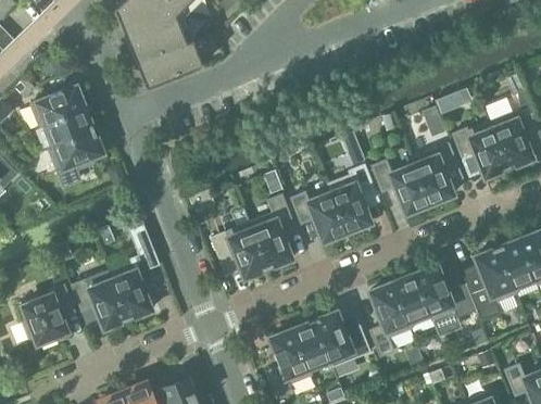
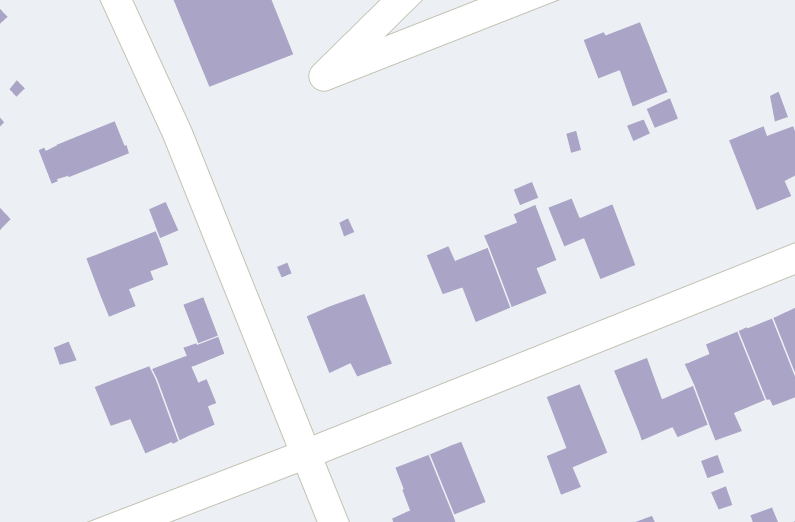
building: [30,86,86,128] -> none
building: [453,122,509,178] -> [583,22,668,107]
building: [49,130,104,188] -> [85,230,169,318]
building: [412,142,464,204] -> none
building: [251,194,295,269] -> none
building: [393,274,431,323] -> none
building: [23,285,75,346] -> none
building: [315,312,370,367] -> none

